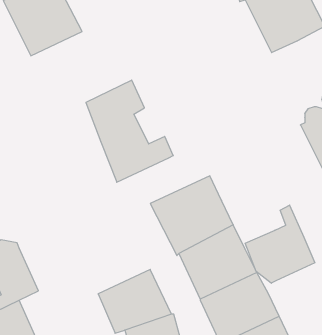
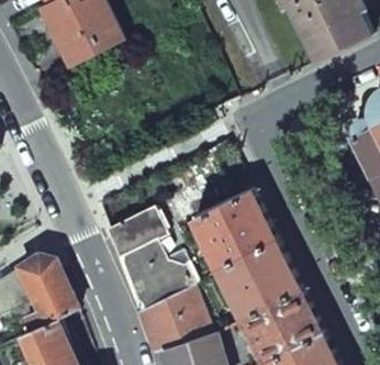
building: [86,80,173,182] -> [105,206,195,311]
building: [245,205,315,283] -> none

